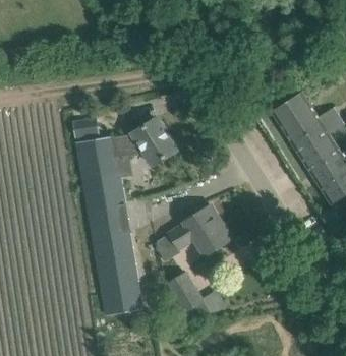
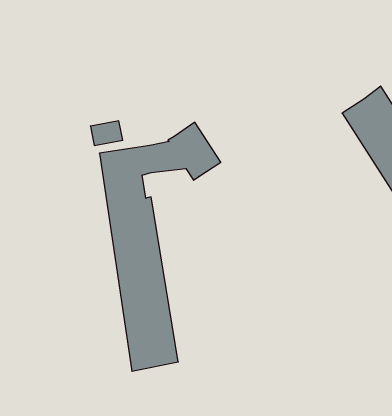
building: [157,204,231,261] -> none
building: [165,271,209,316] -> none

